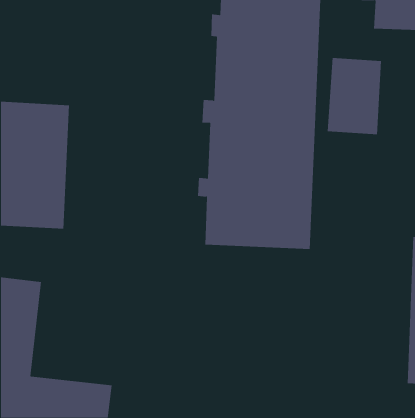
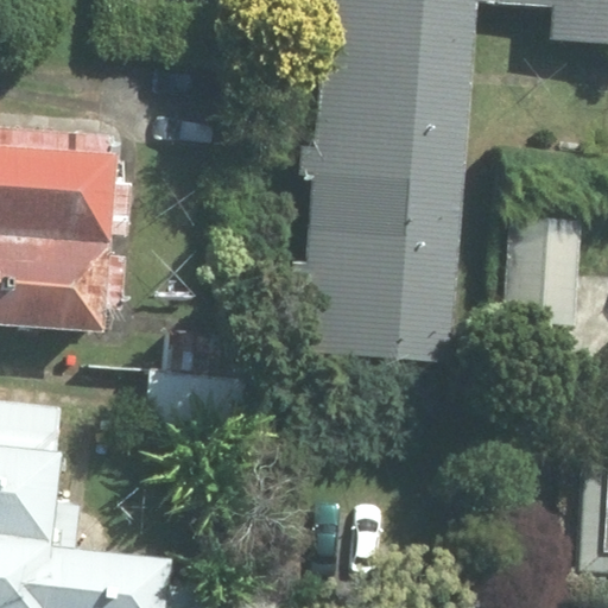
building: [327,57,382,135] -> [504,215,583,327]

